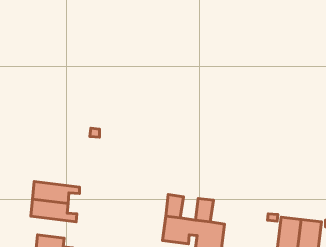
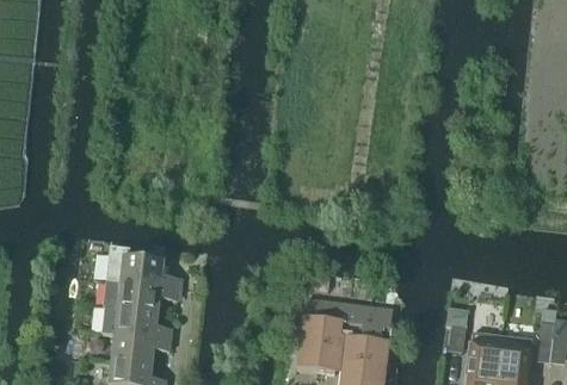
building: none -> [107,246,175,287]
building: none -> [323,302,350,336]
building: none -> [368,306,394,342]
building: none -> [101,330,170,362]

